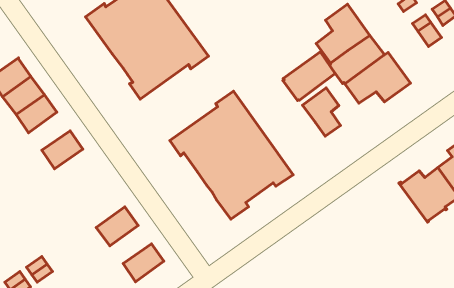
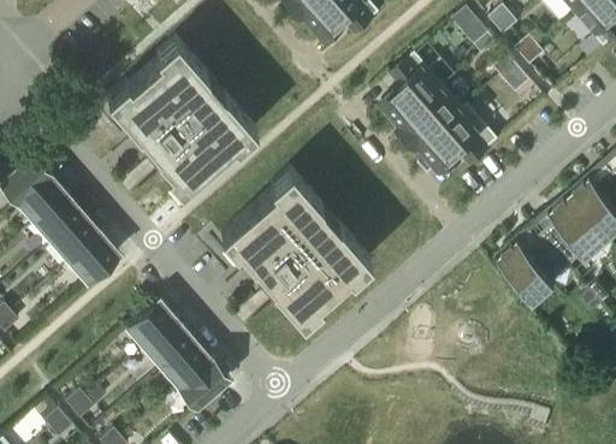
building: [283,52,335,100] -> none
building: [302,88,340,136] -> none
building: none -> [51,214,100,261]
building: none -> [125,300,173,347]
building: none -> [160,339,209,386]

